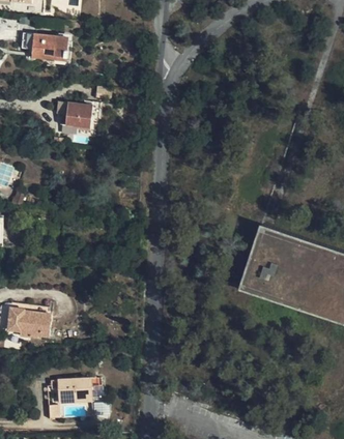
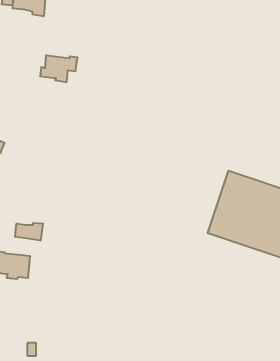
building: none -> [15,223,43,241]
building: [57,378,92,416] -> none

